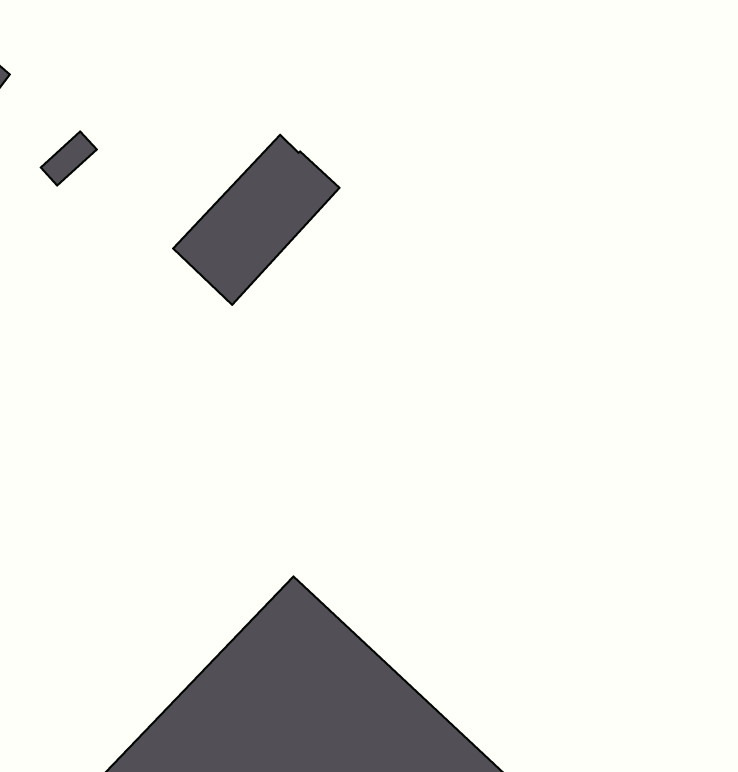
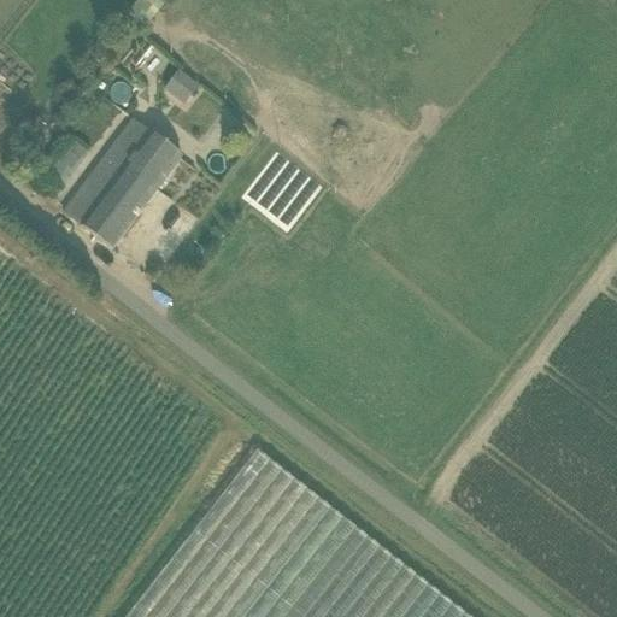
building: none -> [159,70,196,107]
building: [173,135,340,305] -> [63,124,181,252]

